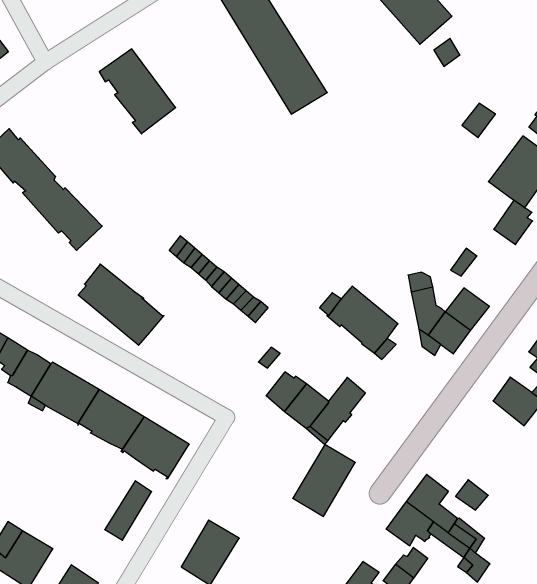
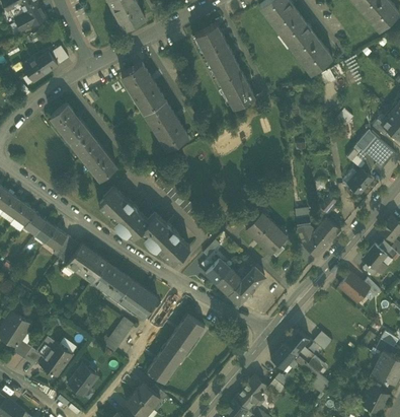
building: none -> [145,98,188,149]
building: none -> [140,213,189,263]
building: [293,444,355,517] -> [166,314,205,356]

